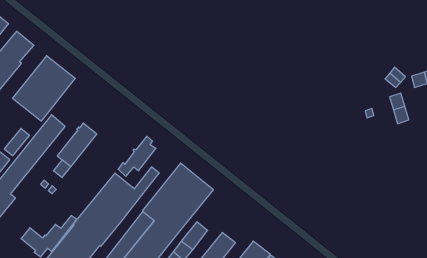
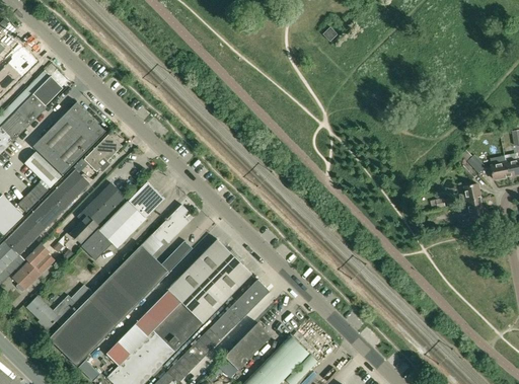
building: none -> [84,135,122,172]
building: none -> [24,152,61,188]
building: none -> [82,181,165,259]
building: none -> [12,243,53,292]
building: none -> [229,279,269,319]

